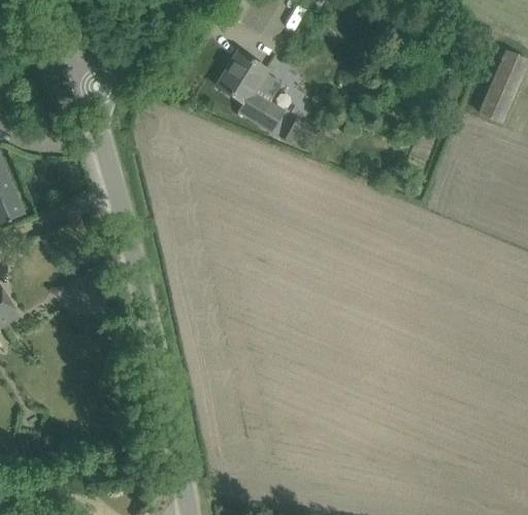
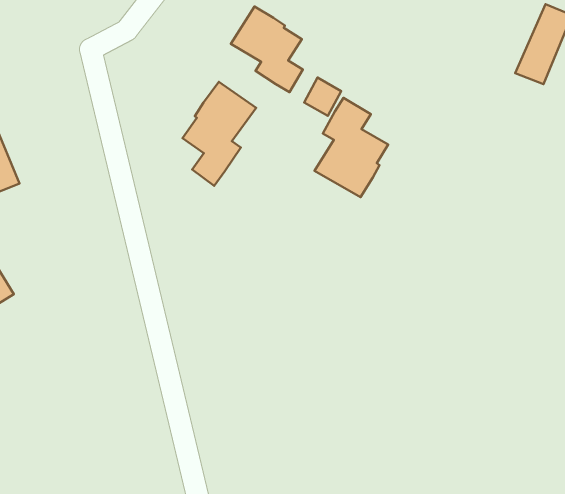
building: none -> [183,82,256,186]
building: none -> [314,98,388,197]

